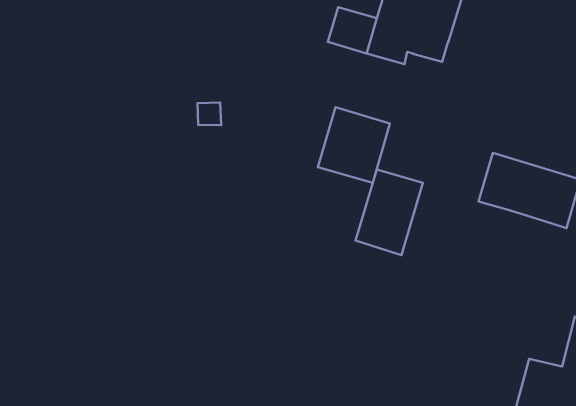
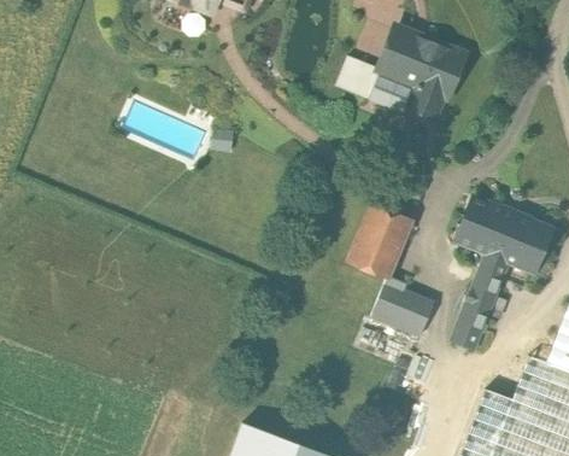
building: [318,107,390,183] -> none
building: none -> [452,252,509,350]
building: none -> [370,276,432,339]

